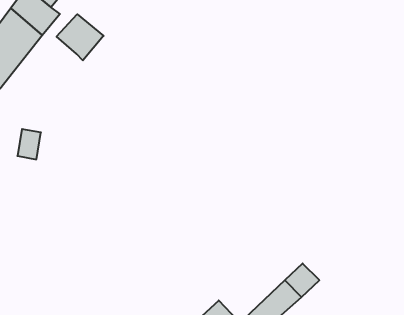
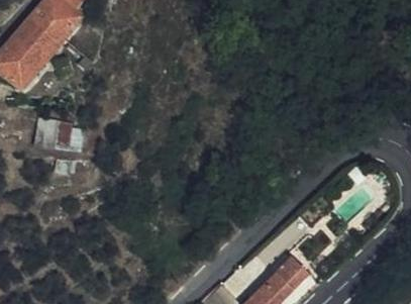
building: [57,14,104,60] -> none

